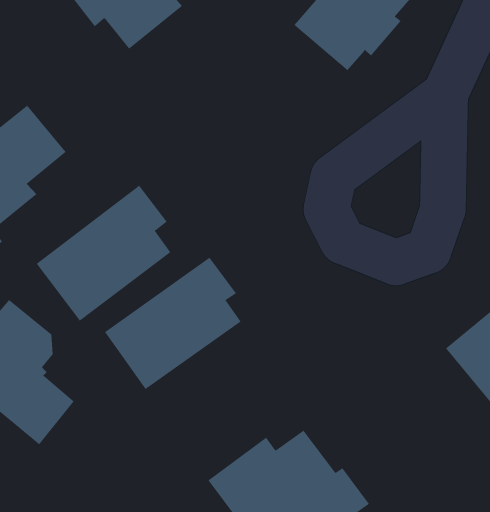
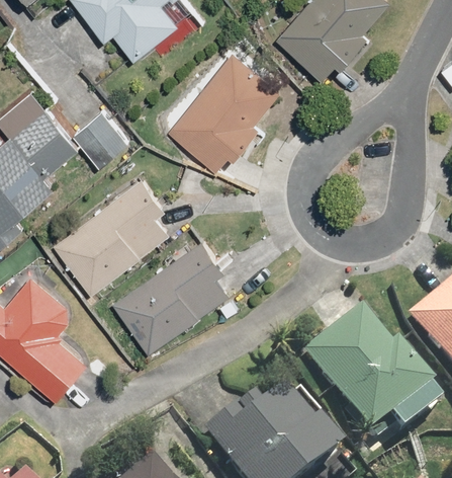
building: none -> [168,52,282,171]
building: none -> [75,110,129,166]
building: none -> [301,308,432,437]

